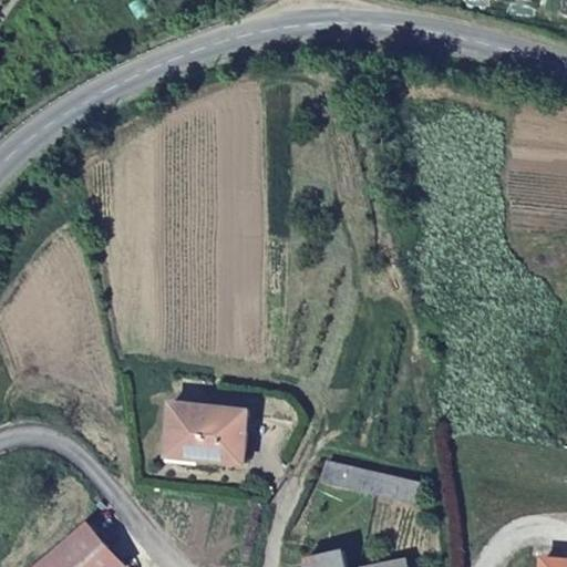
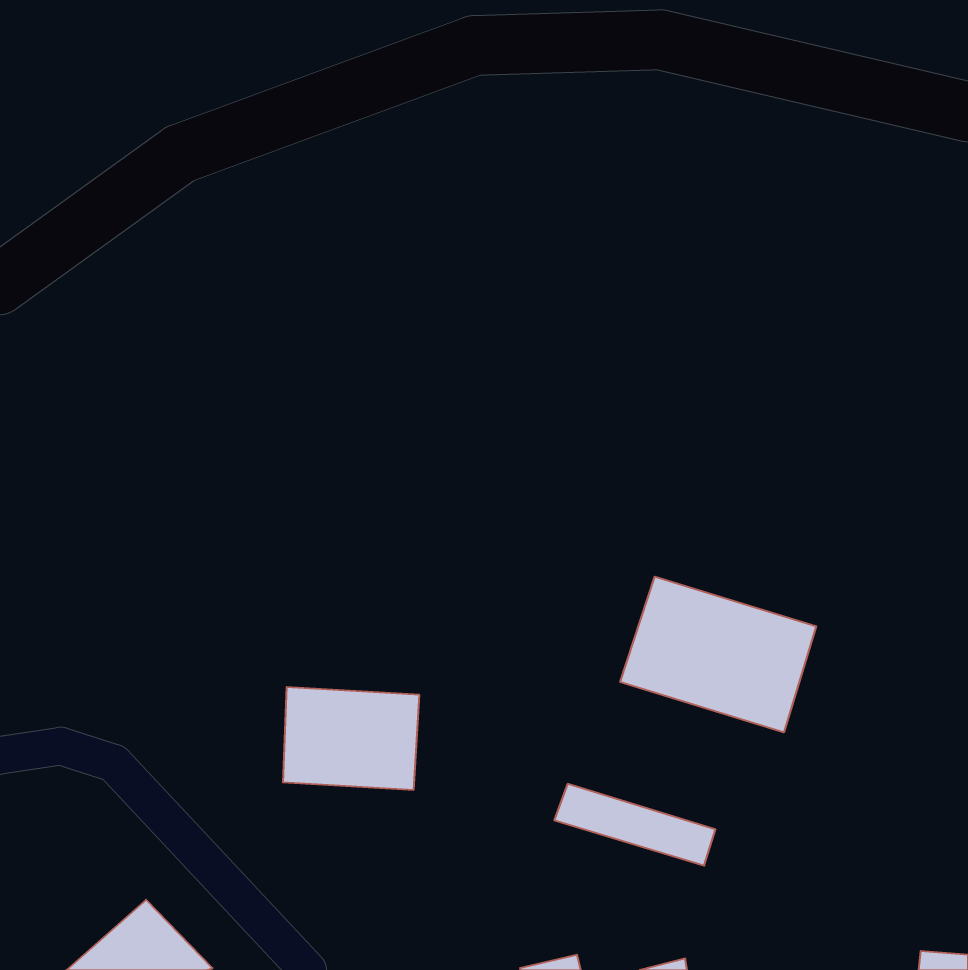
building: none -> [620,577,816,732]

